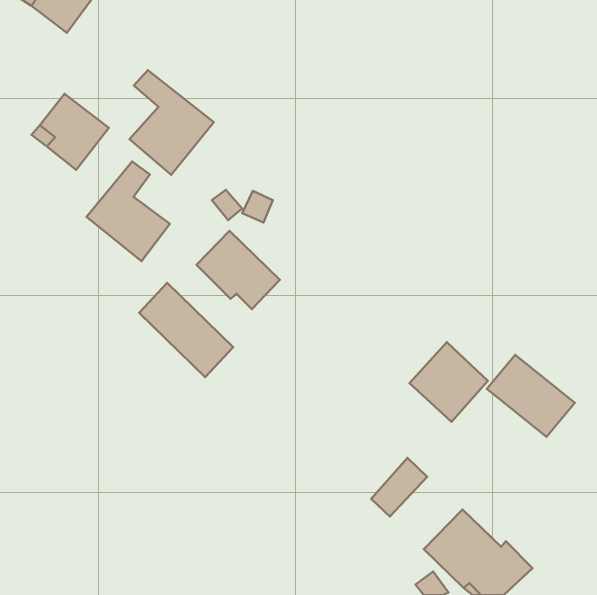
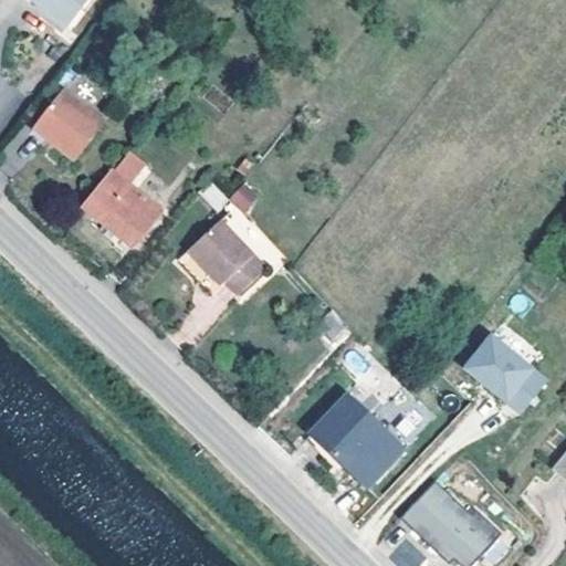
building: [130,70,214,175] -> none
building: [139,283,233,377] -> none
building: [410,342,488,422] -> [312,396,386,471]

